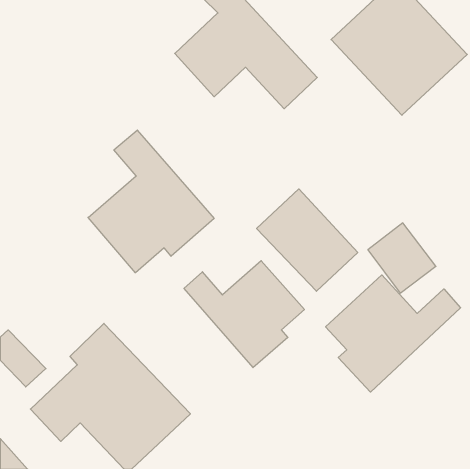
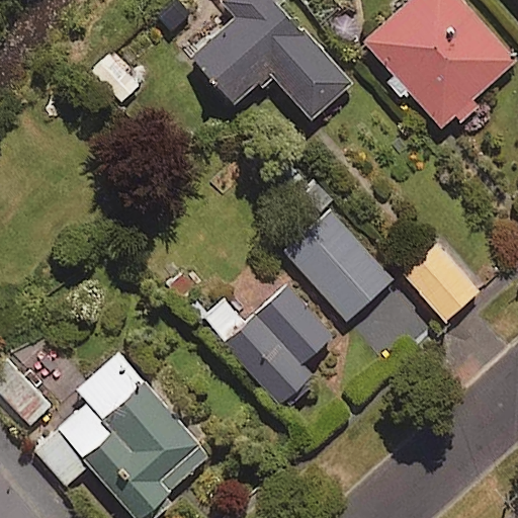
building: [88,130,214,273] -> none
building: [326,275,461,392] -> none

